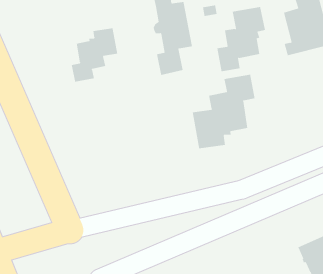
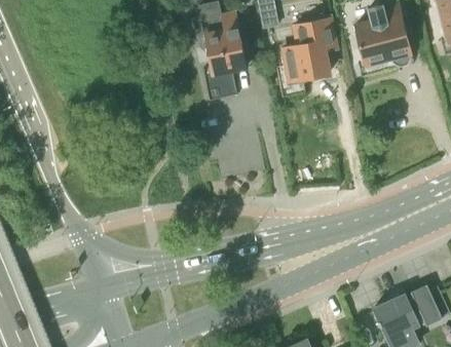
building: [71,28,118,82] -> none
building: [192,74,255,149] -> none

